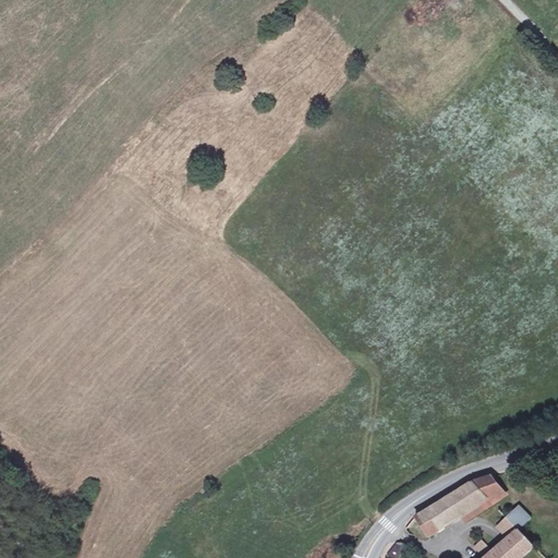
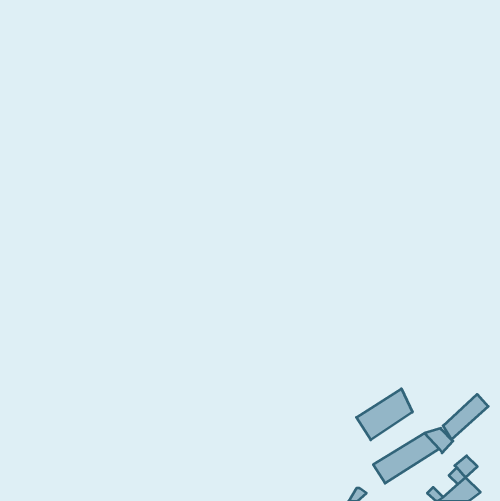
building: none -> [356,389,412,440]
building: none -> [443,394,488,440]

